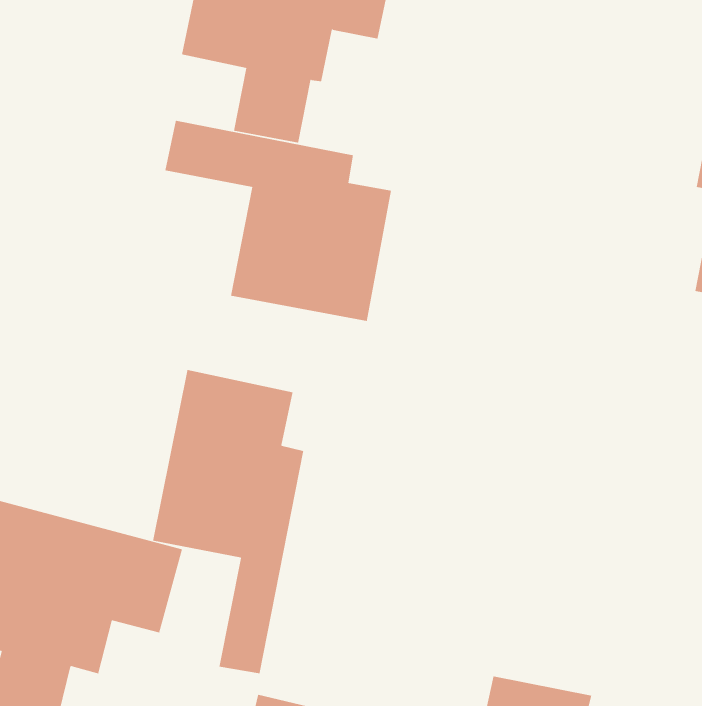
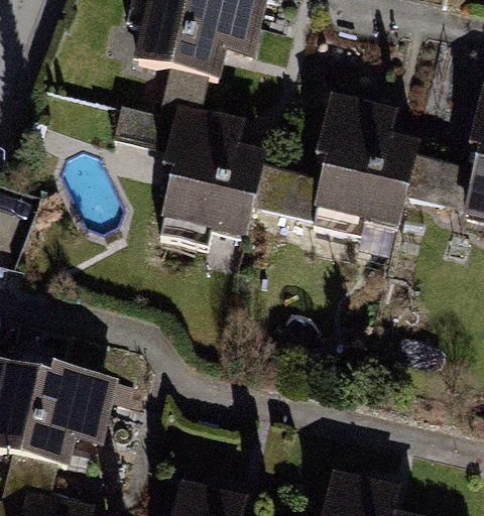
building: none -> [254,94,416,248]
building: [153,369,304,674] -> none

